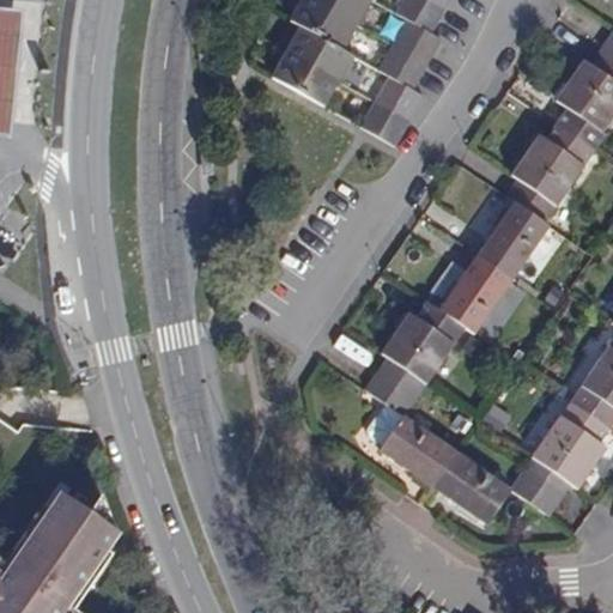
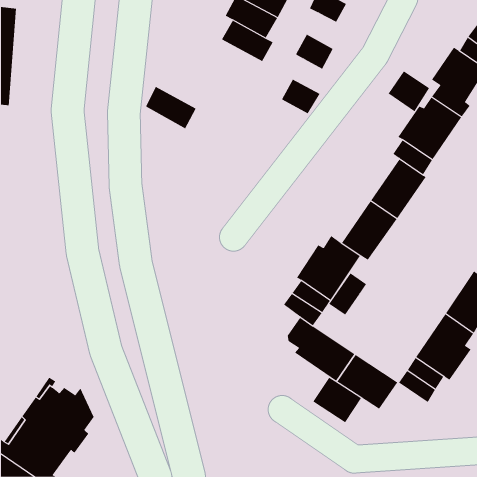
building: [394,17,443,62] -> none
building: [272,50,338,105] -> [145,86,197,129]
building: [376,75,426,120] -> none
building: none -> [388,71,430,112]
building: none -> [329,272,367,316]
building: none -> [313,377,362,423]

